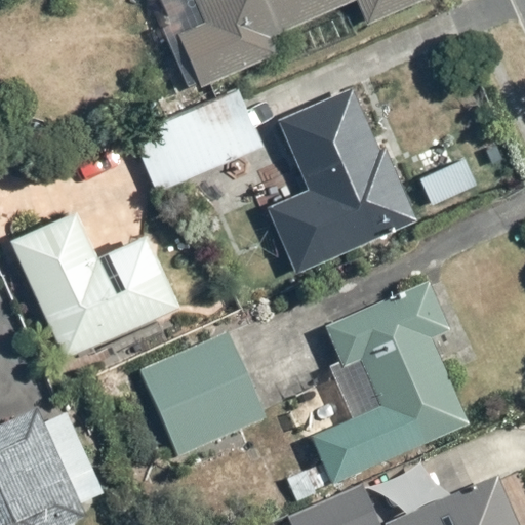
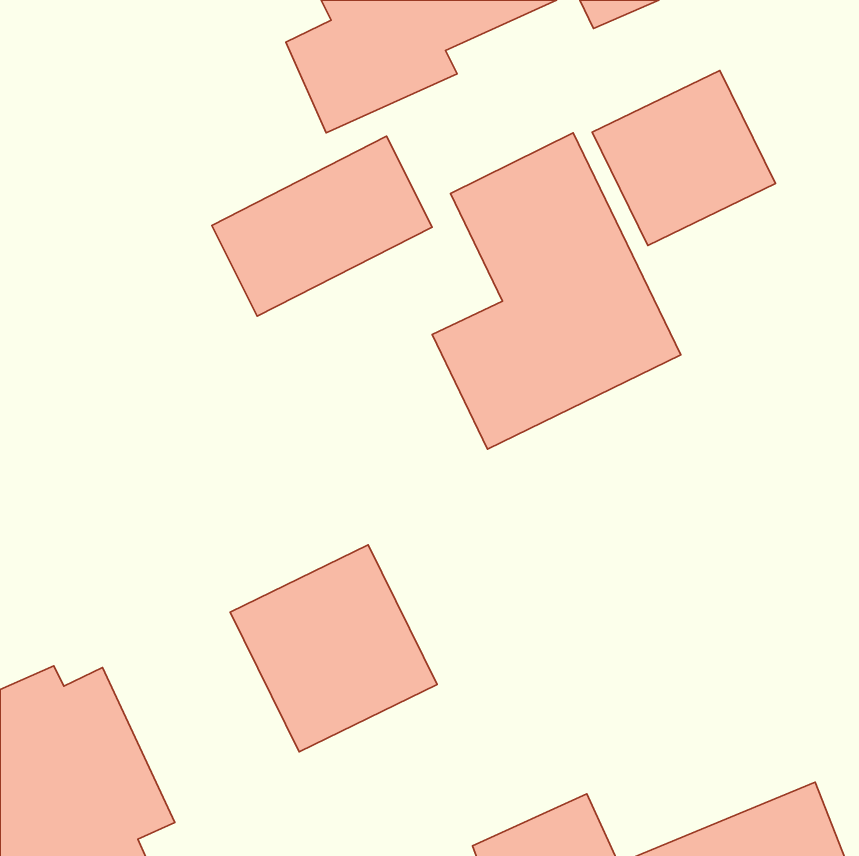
building: none -> [592,70,775,245]
building: [8,205,180,358] -> none
building: [311,282,471,484] -> none

